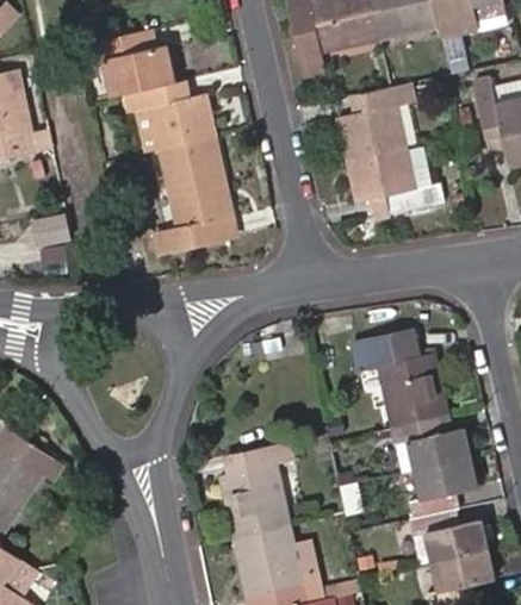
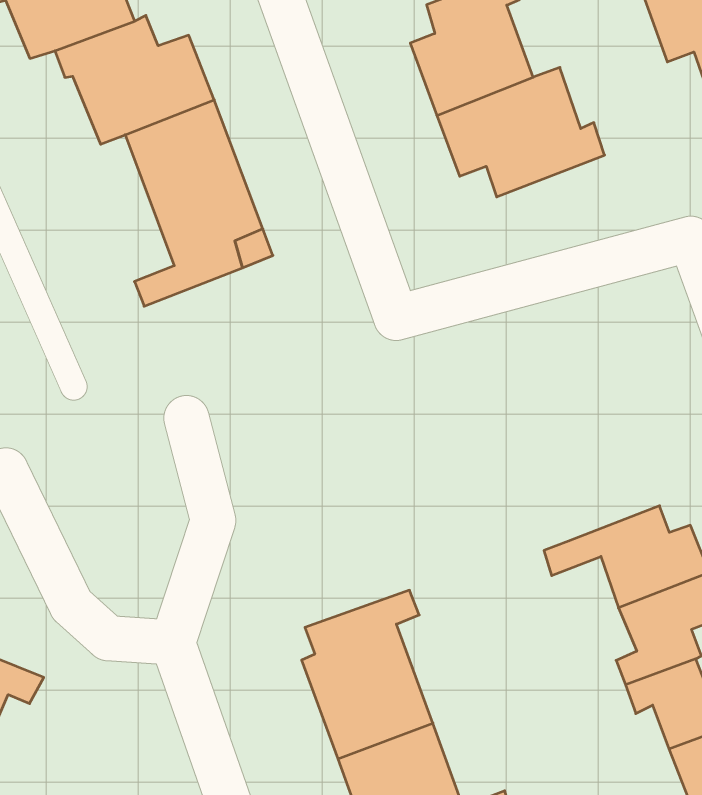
building: [356,342,446,428] -> none

